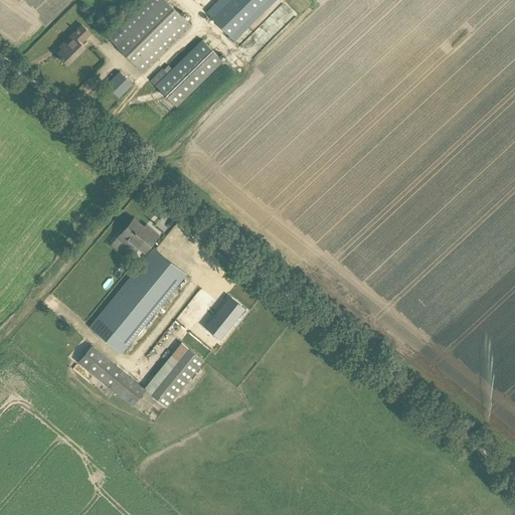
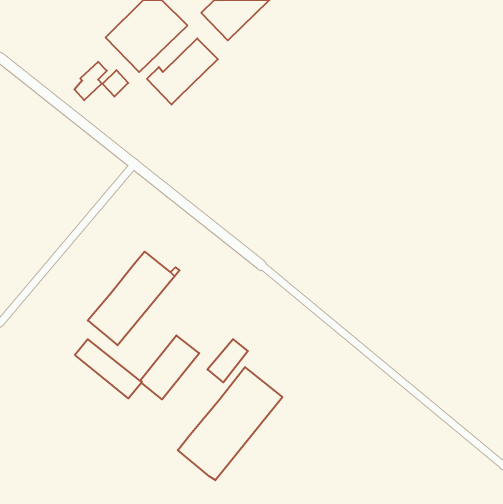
building: [56,25,90,64] -> [74,62,107,100]
building: [117,218,158,252] -> none
building: [203,296,244,340] -> [207,339,248,382]
building: none -> [178,367,282,480]

